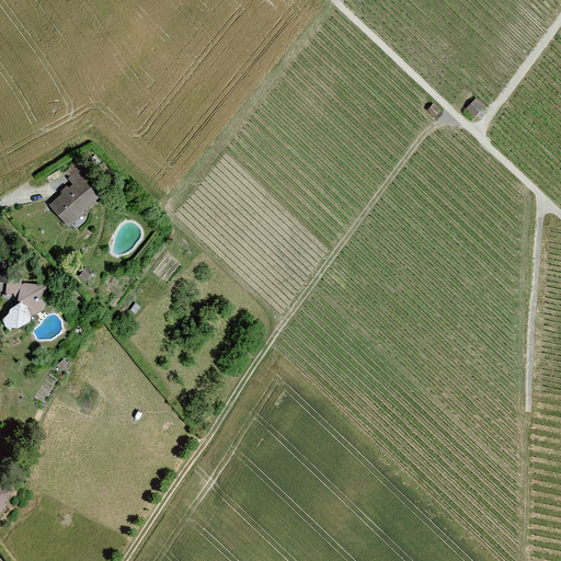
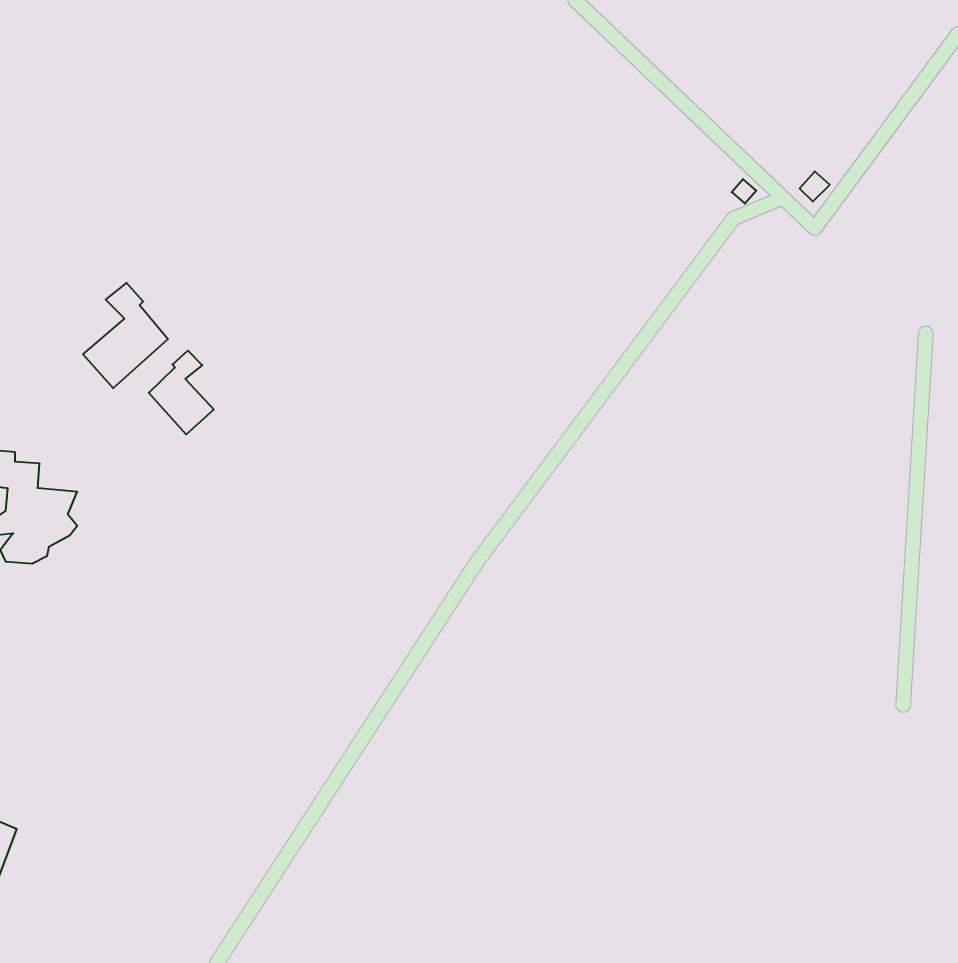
building: none -> [149,351,214,434]

